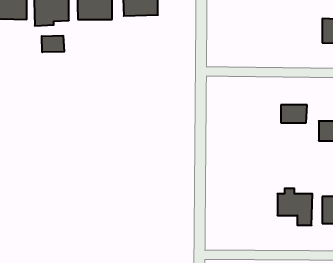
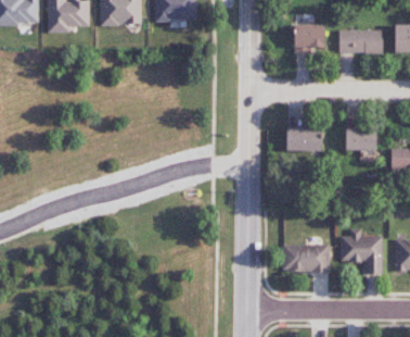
building: none -> [294,24,324,53]
building: none -> [338,29,383,53]
building: [42,36,64,52] -> none
building: none -> [285,127,321,151]
building: none -> [282,244,329,273]

